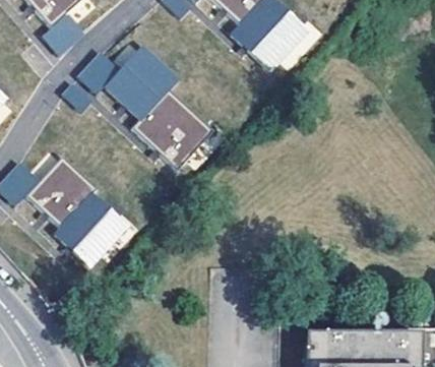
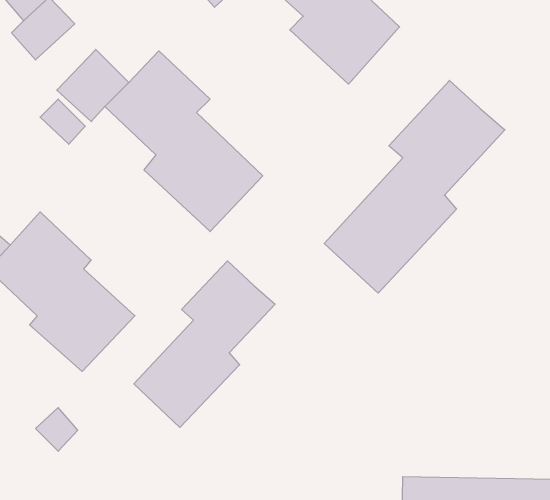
building: none -> [324,80,505,293]
building: none -> [134,261,275,427]

